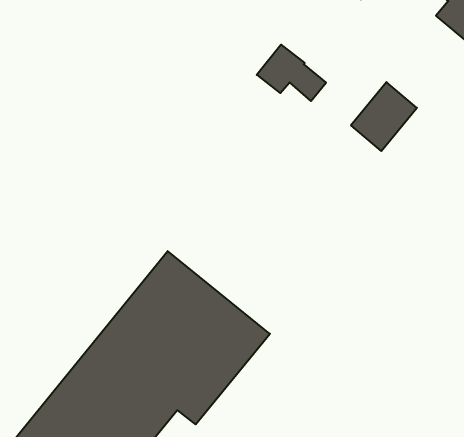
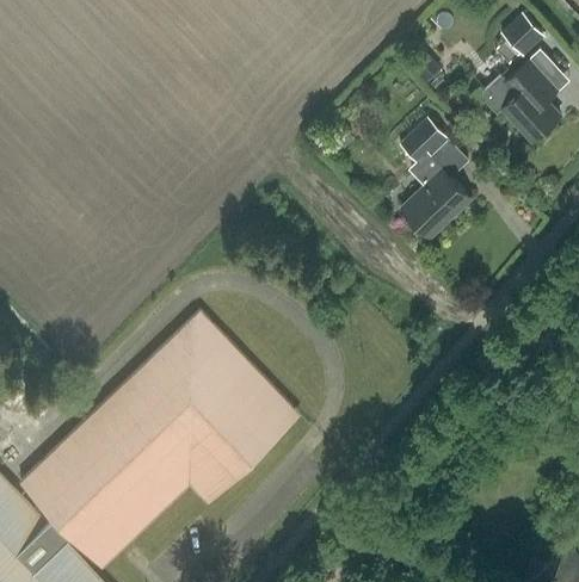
building: [257,45,326,101] -> [399,119,468,180]

